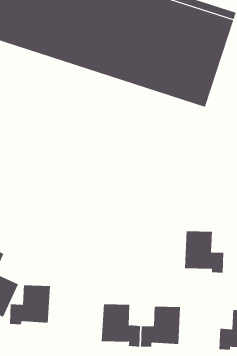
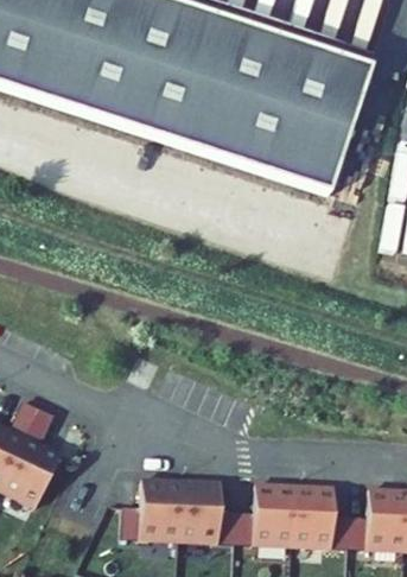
building: [184,231,224,273] -> [293,486,351,547]
building: [9,285,51,325] -> [122,480,183,538]

